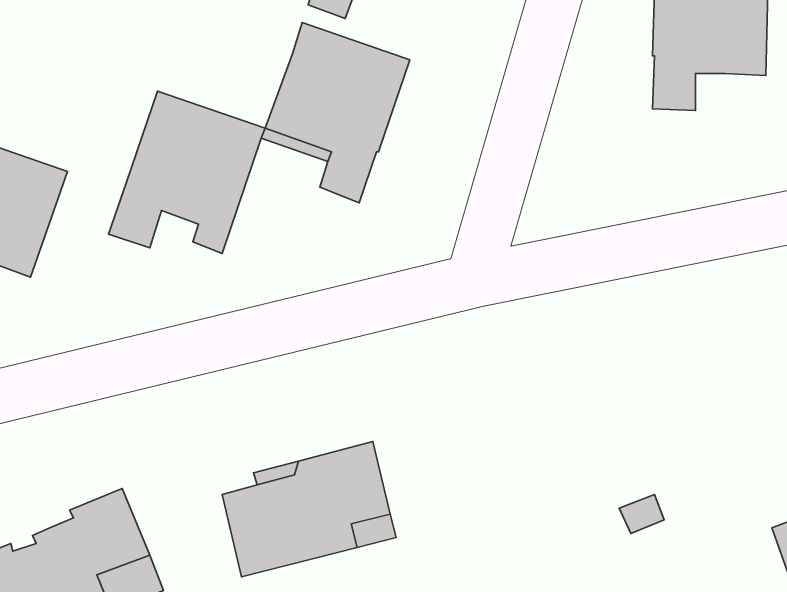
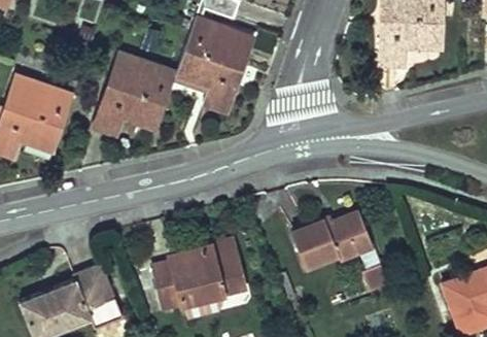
building: none -> [291,211,374,268]

